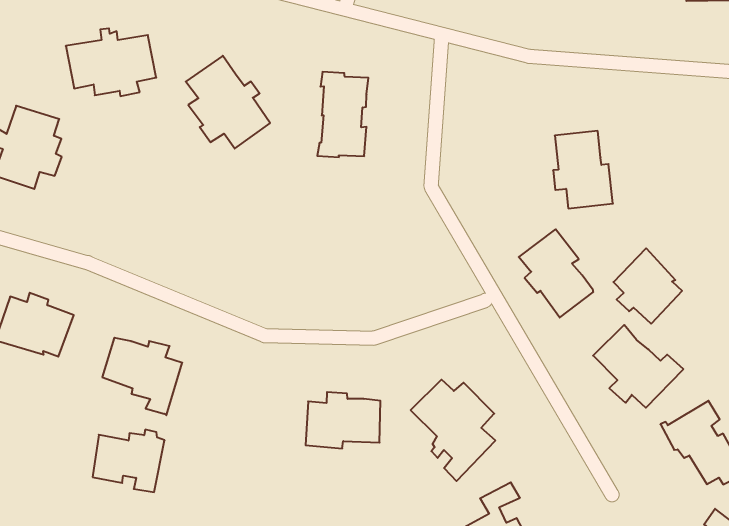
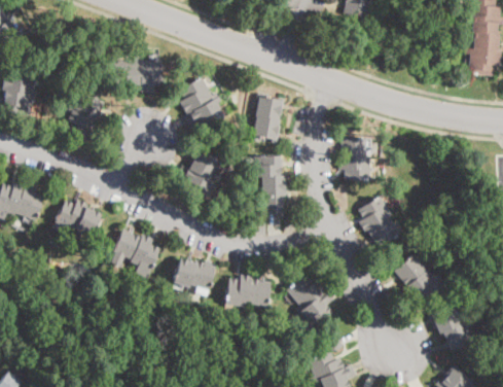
building: [553,131,613,208] -> [338,138,370,180]
building: none -> [250,155,287,213]
building: none -> [178,151,219,202]
building: [613,248,682,324] -> none
building: [93,430,165,492] -> [173,259,216,295]

